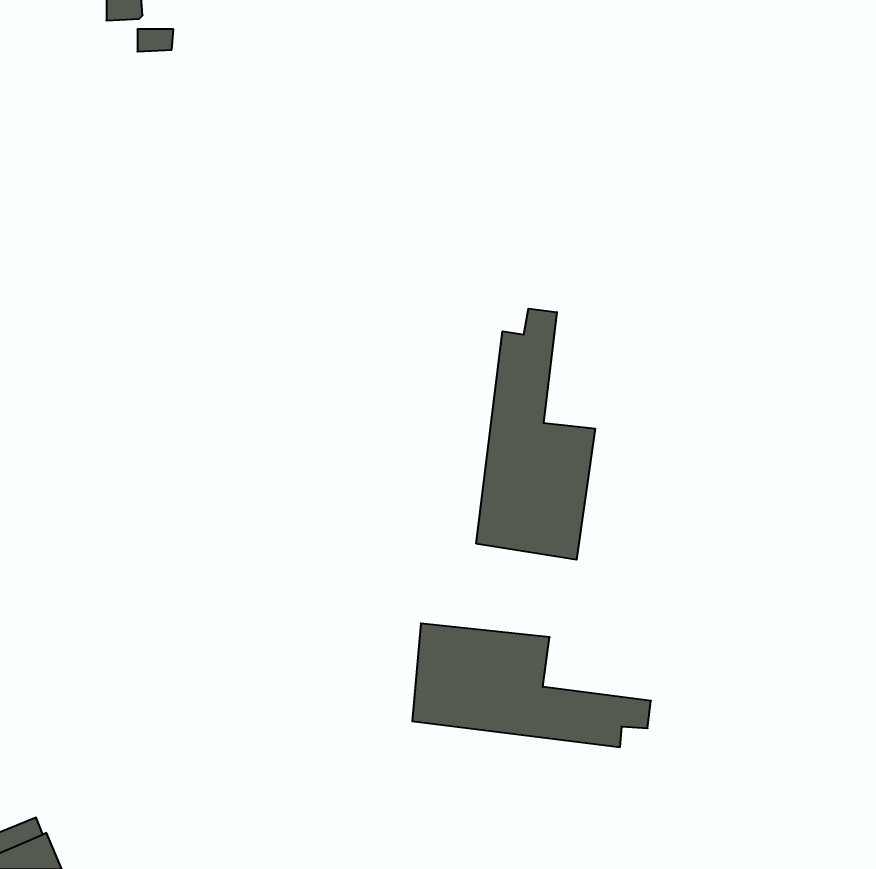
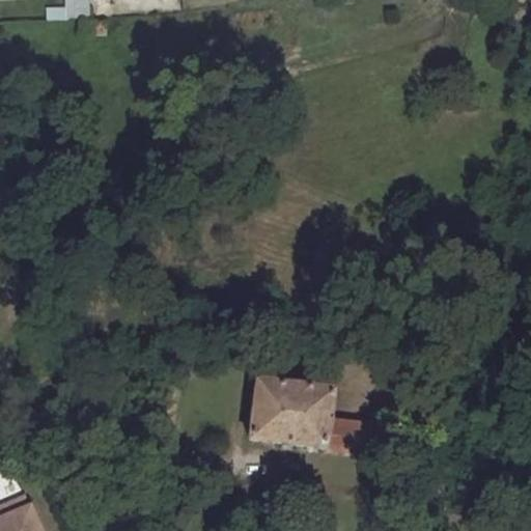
building: [476,309,595,560] -> none

